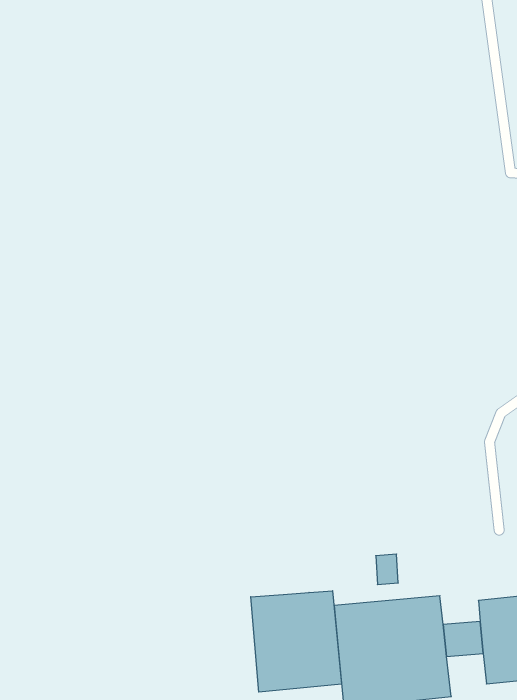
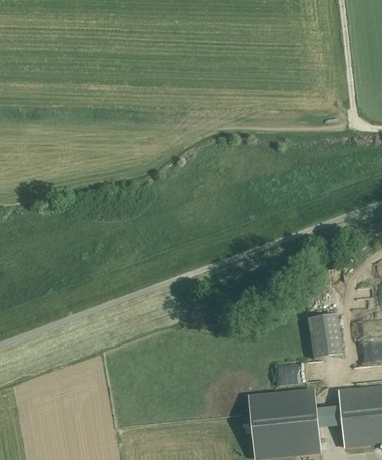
building: none -> [308,313,342,358]
building: [251,591,342,692] -> none

